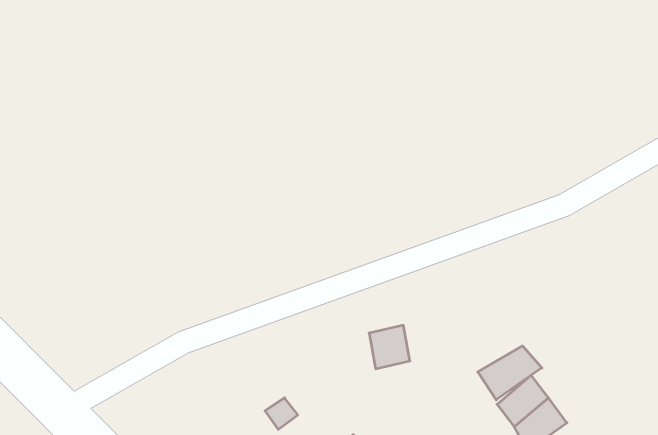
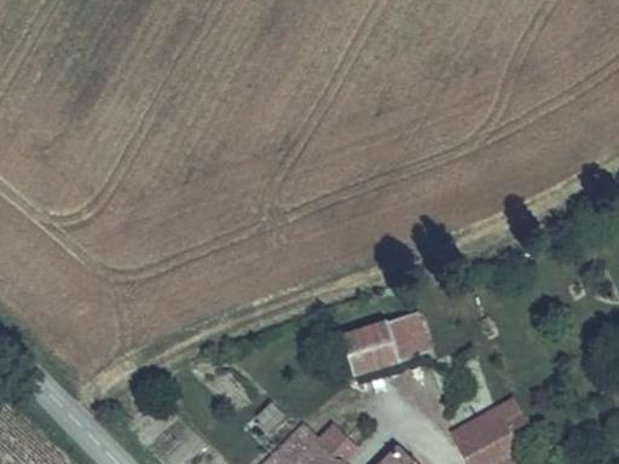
building: none -> [378,324,420,364]
building: [478,346,542,400] -> none

